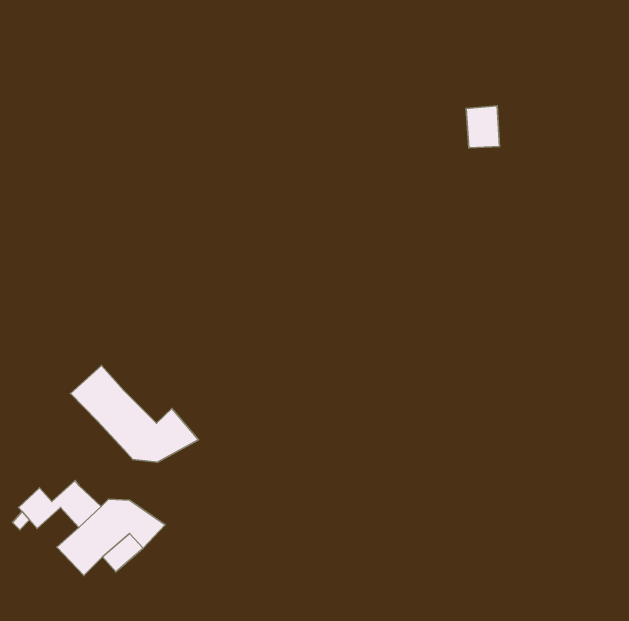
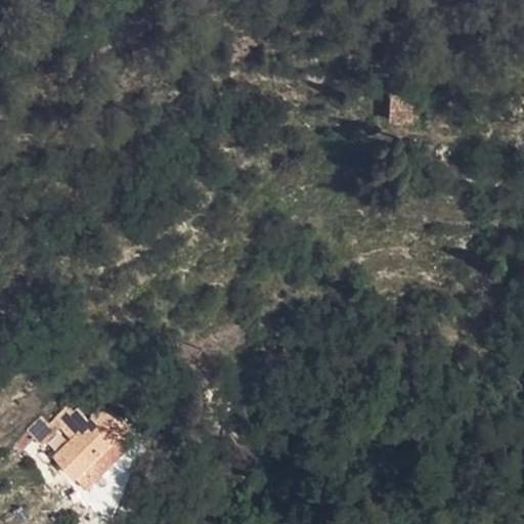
building: [71,365,199,462] -> none

